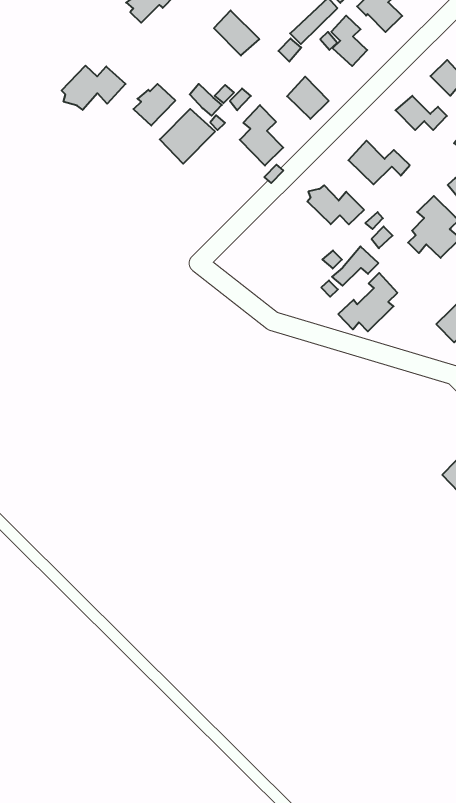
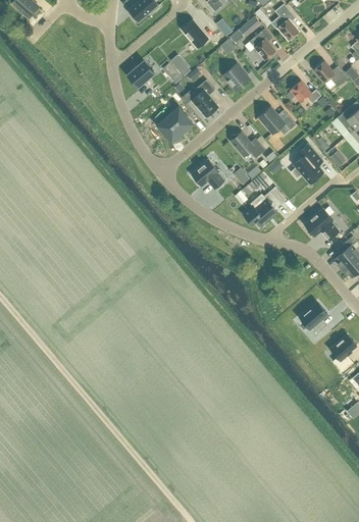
building: [62,66,126,110] -> none
building: [160,109,215,164] -> [158,107,193,141]
building: none -> [191,159,226,189]

